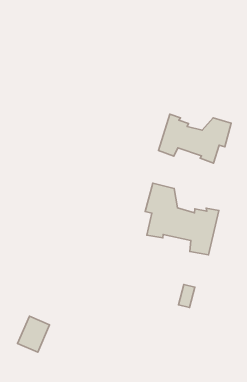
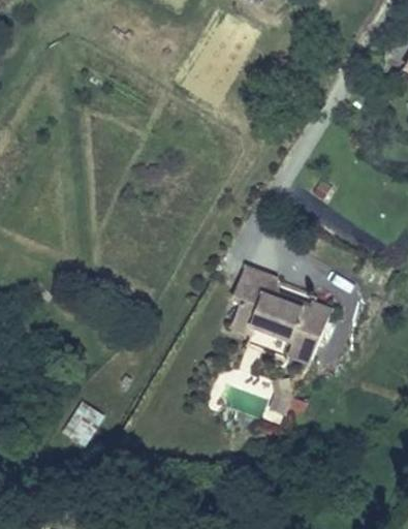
building: [159,114,231,163] -> none

